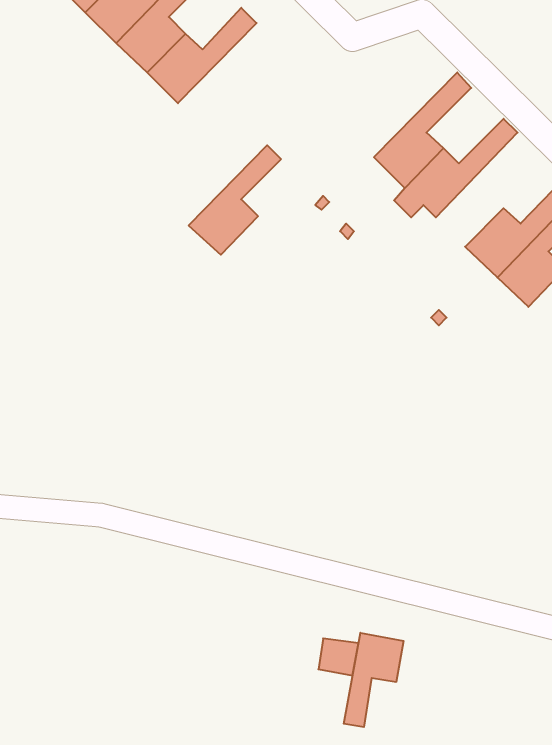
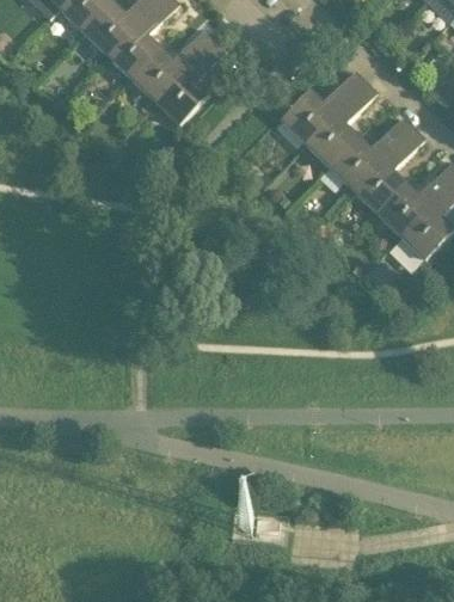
building: none -> [281,67,369,143]
building: none -> [352,124,428,213]
building: [189,145,281,255] -> [153,39,225,124]
building: [344,633,404,727] -> none

